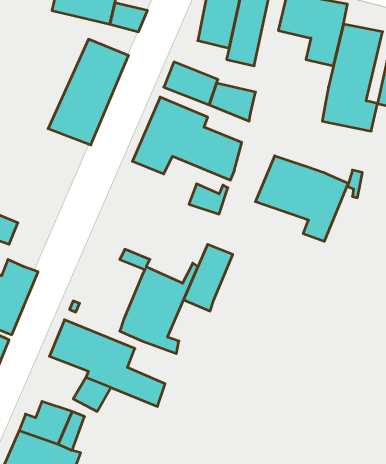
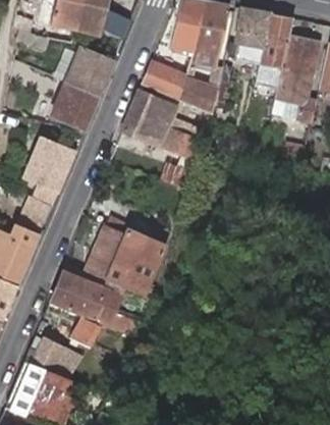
building: none -> [22,138,74,234]
building: [255,156,348,241] -> none
building: [184,244,233,311] -> [86,228,125,282]

